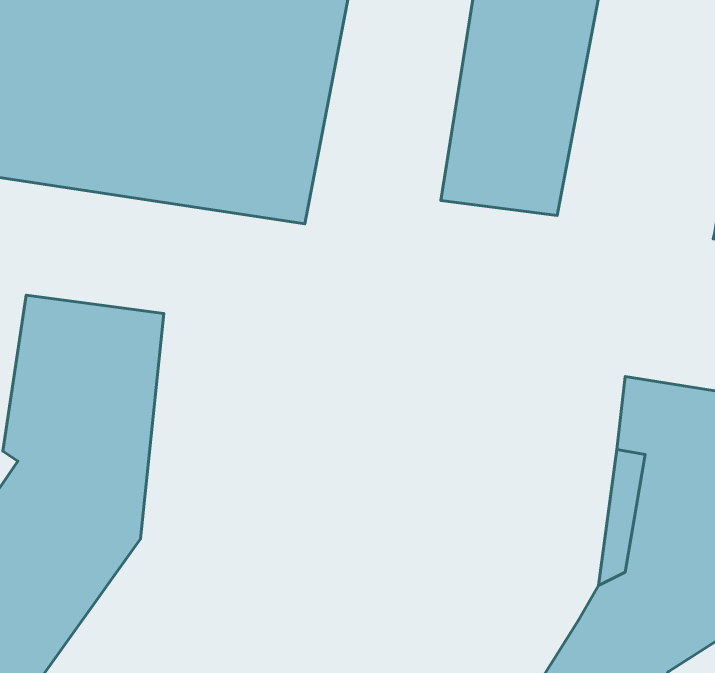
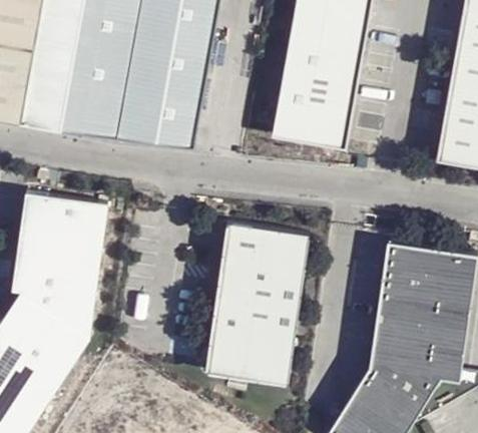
building: none -> [202,223,306,384]

